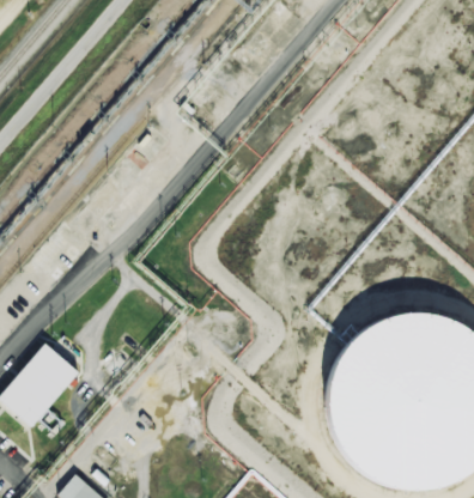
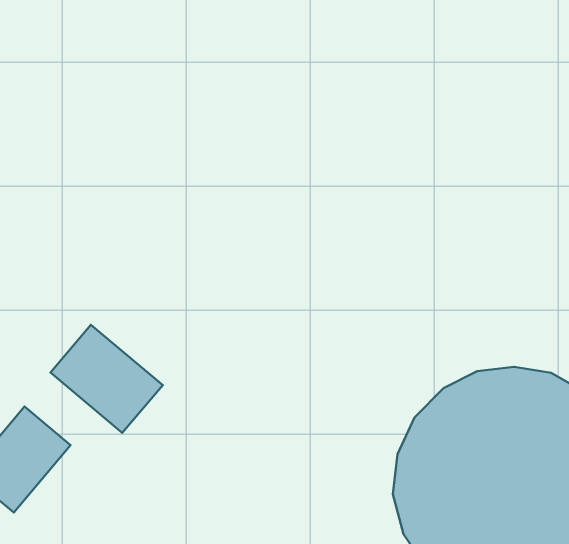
building: none -> [50,325,163,433]

